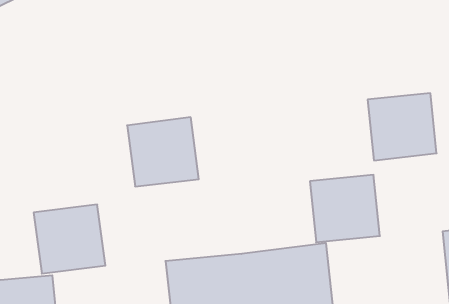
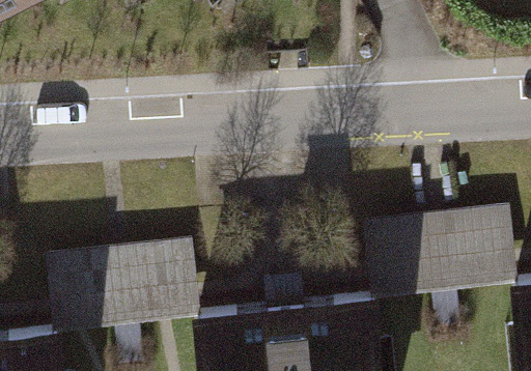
building: [368,93,437,160] -> [434,209,513,287]
building: [127,117,199,186] -> [114,241,197,321]

